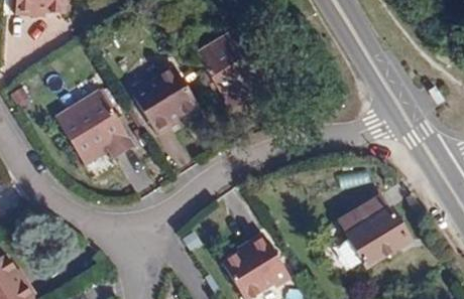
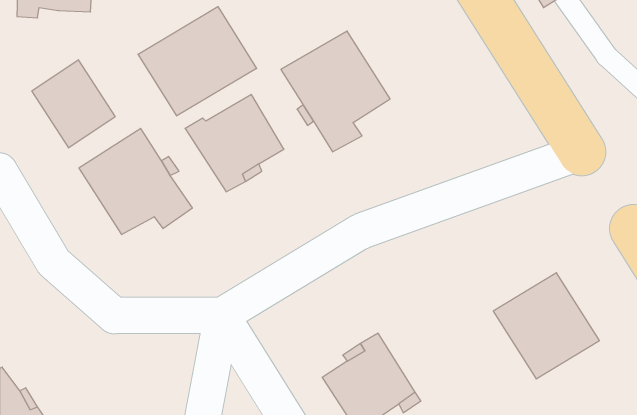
building: none -> [138,7,257,116]
building: none -> [32,60,115,148]

